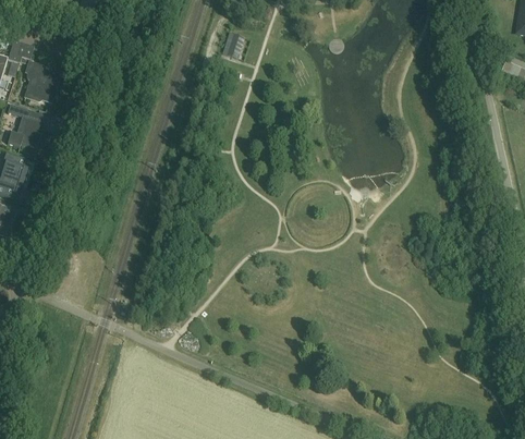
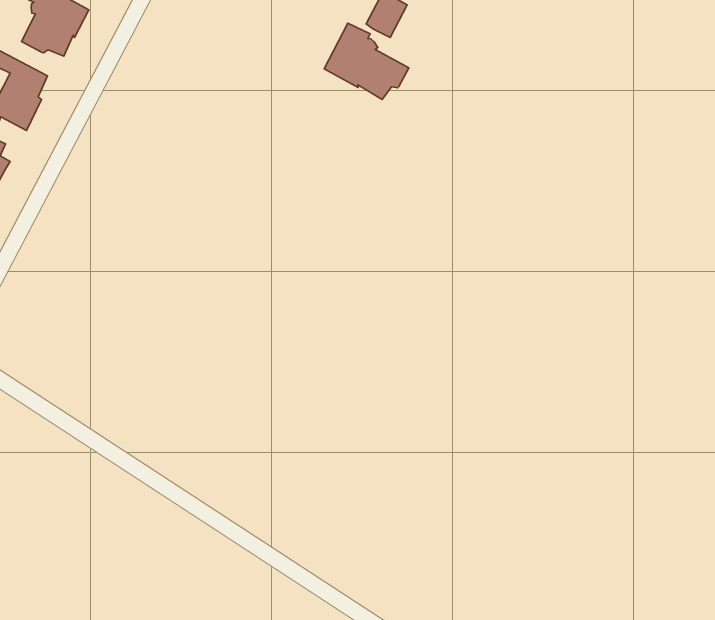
building: none -> [324,23,409,99]

